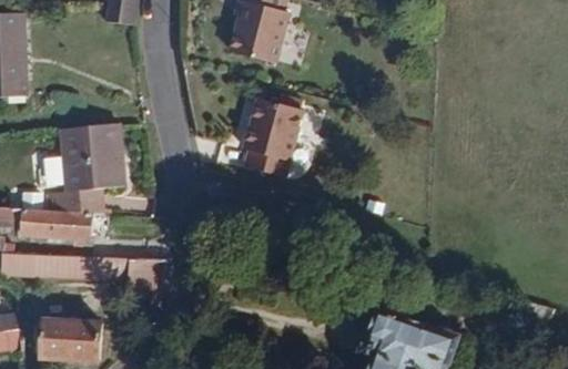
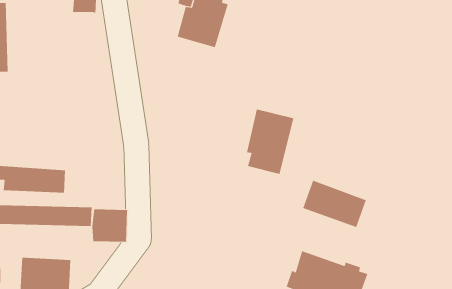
building: [242,98,300,176] -> [246,109,294,175]
building: [42,124,125,215] -> none
building: none -> [302,180,367,228]

